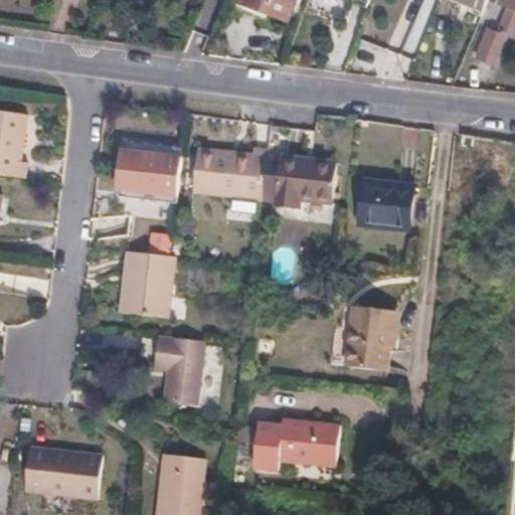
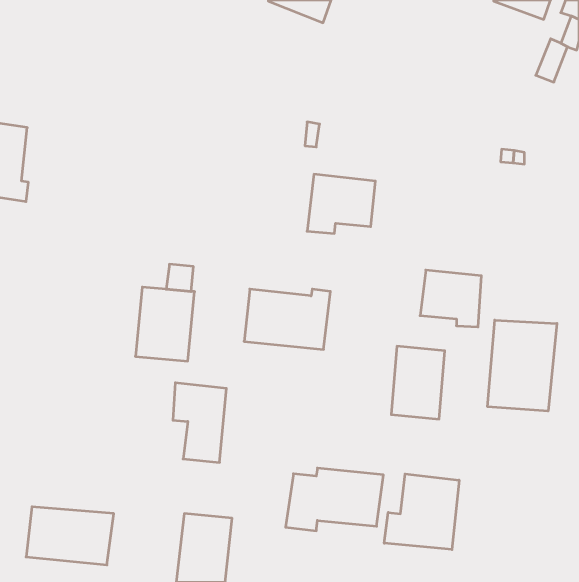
building: [122,140,180,196] -> none
building: [190,147,267,200] -> [244,289,330,349]
building: [359,179,413,229] -> [420,270,481,327]
building: none -> [488,320,557,411]
building: none -> [384,474,459,550]

